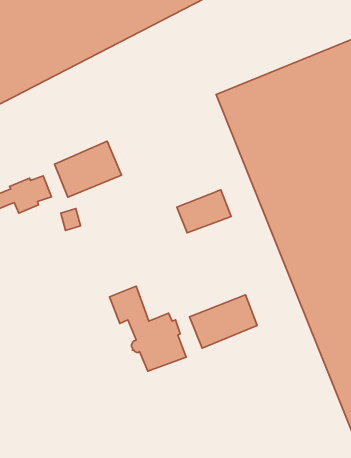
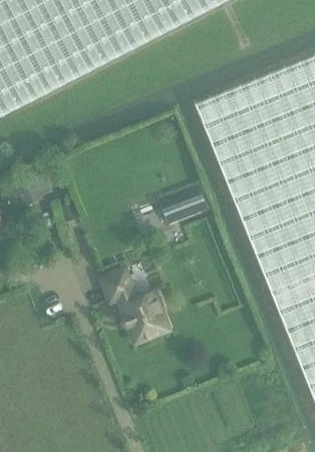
building: [55,141,121,197] -> none
building: [190,295,257,348] -> none

